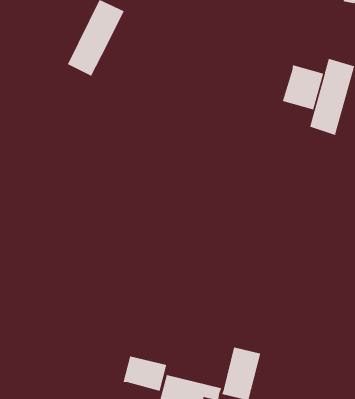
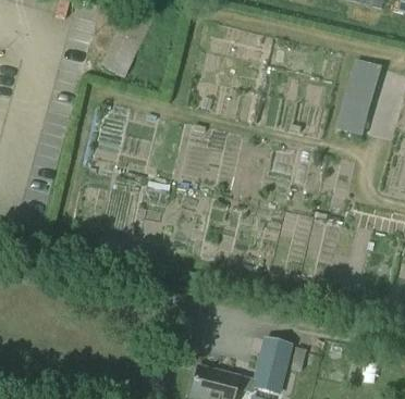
building: [282,64,324,111] -> none
building: [123,356,167,392] -> none

